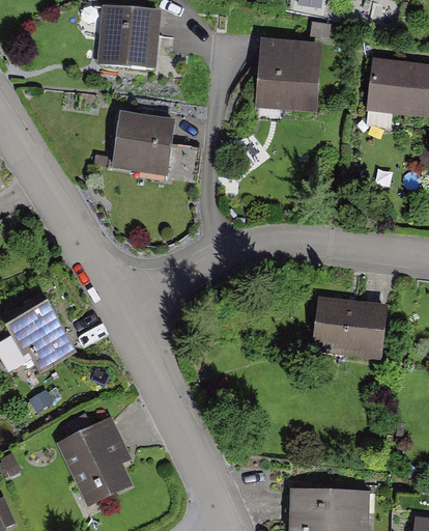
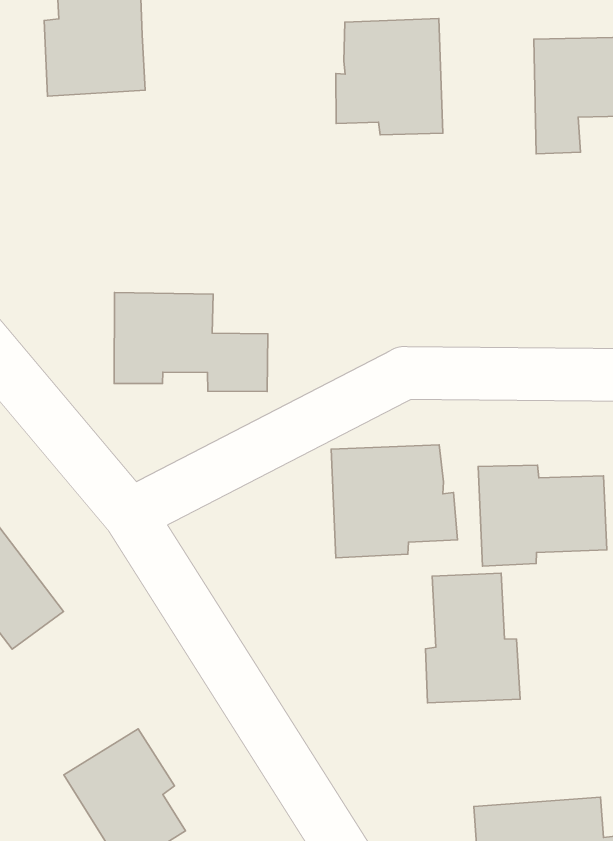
building: [113,113,202,178] -> [114,293,268,392]
building: none -> [331,445,457,558]
building: none -> [425,573,520,703]

